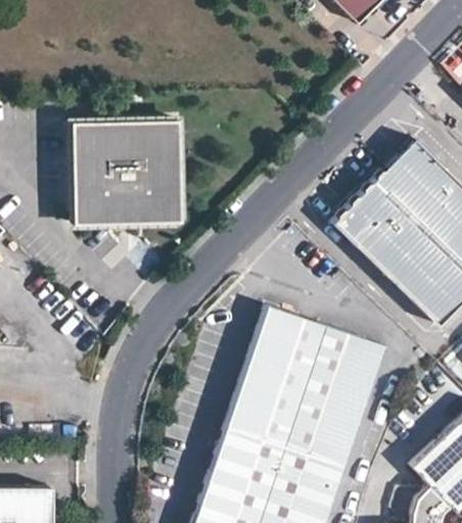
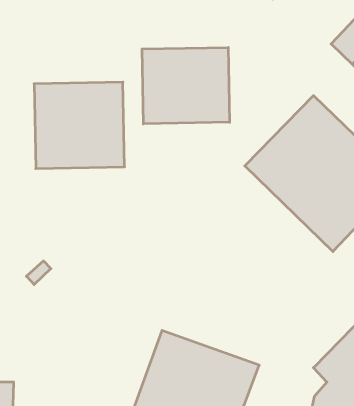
building: none -> [142,47,230,124]
building: [228,305,386,462] -> none

